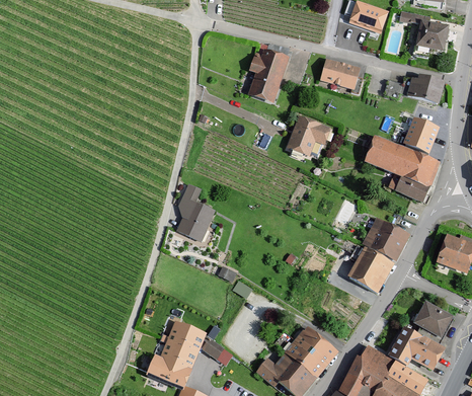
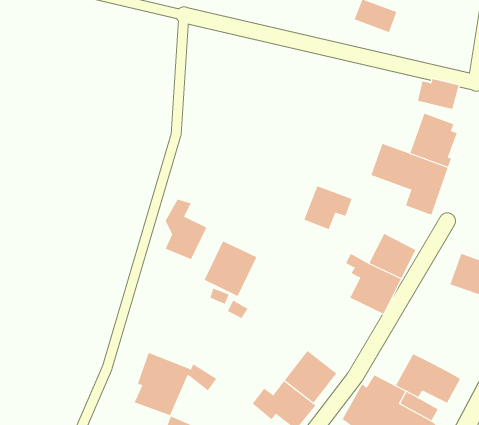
building: [416,22,450,52] -> none
building: [248,49,290,104] -> none
building: [319,58,362,91] -> none
building: [287,116,331,157] -> [303,185,352,230]
building: none -> [204,240,257,297]
building: [414,301,454,344] -> none

